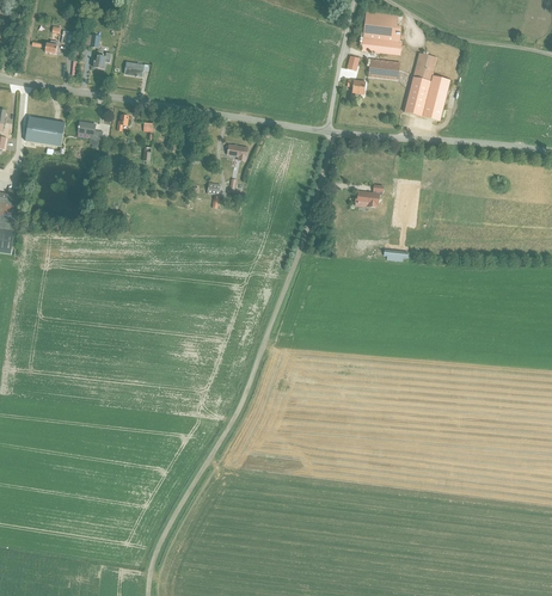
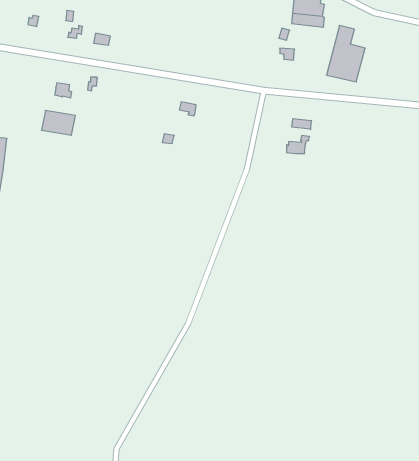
building: [367,57,399,79] -> none
building: [24,116,65,146] -> [41,110,75,135]

